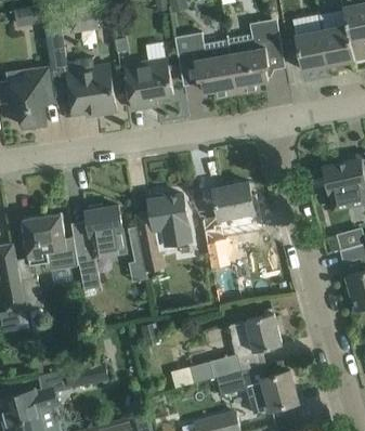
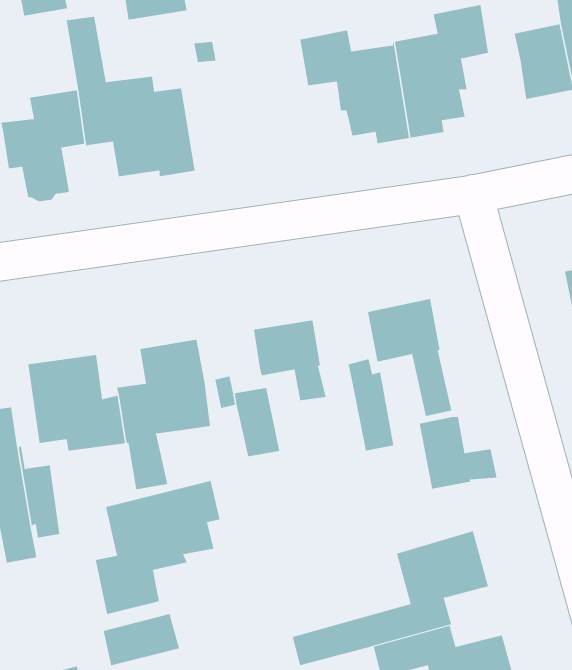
building: [125,60,172,109] -> none
building: none -> [419,416,497,489]
building: none -> [95,480,220,615]

